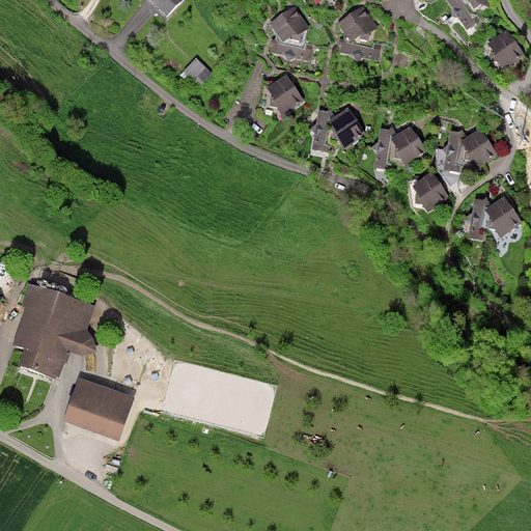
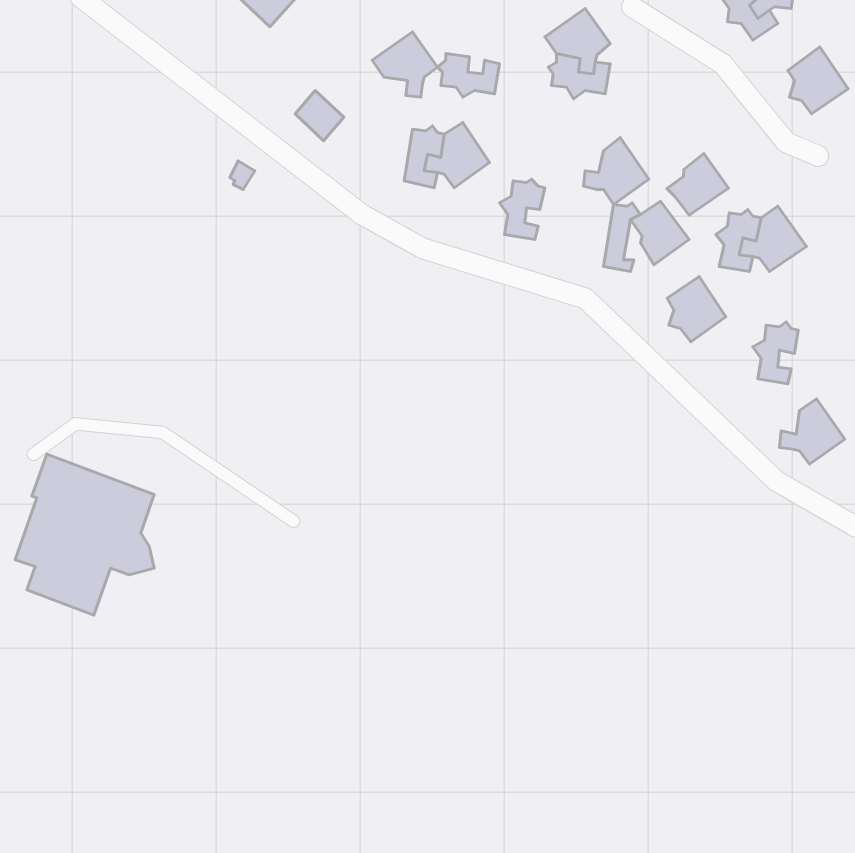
building: [269,5,309,46] -> [372,32,438,97]
building: none -> [667,153,728,215]
building: [325,108,365,149] -> [583,137,649,204]
building: [481,197,522,237] -> [779,399,845,464]
building: [62,378,134,440] -> none

